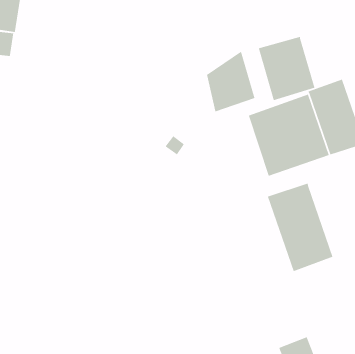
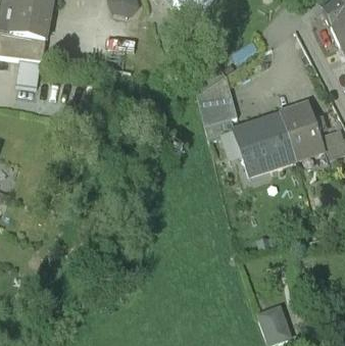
building: [258,36,315,101] -> none
building: [267,182,333,272] -> none

